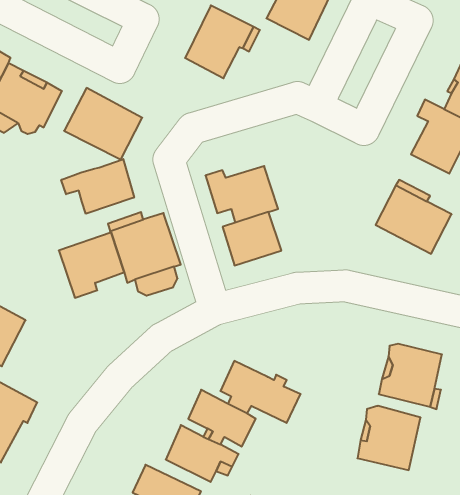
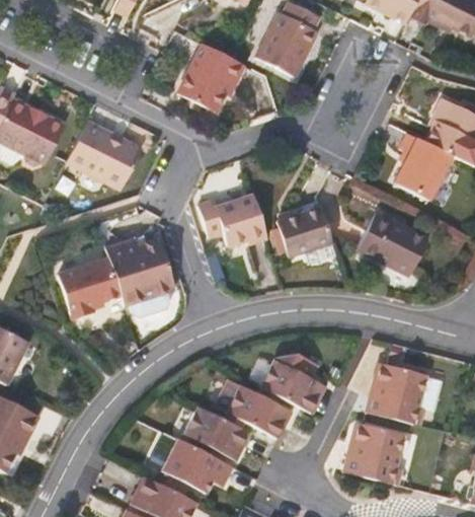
building: [61,159,134,214] -> none
building: [223,212,281,265] -> [280,204,335,254]
building: none -> [258,356,324,414]

